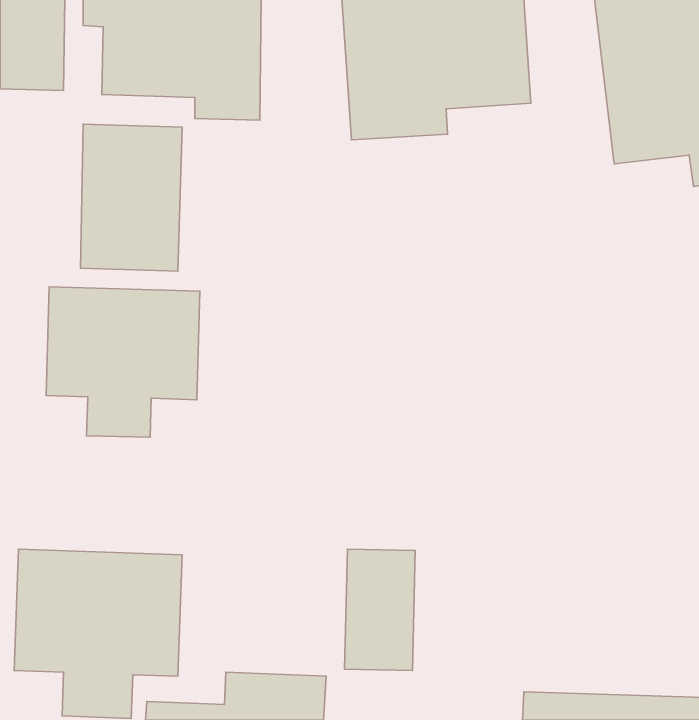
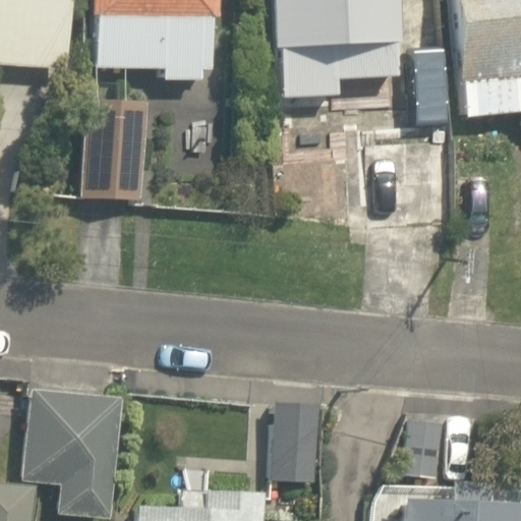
building: [46,287,200,437] -> none

